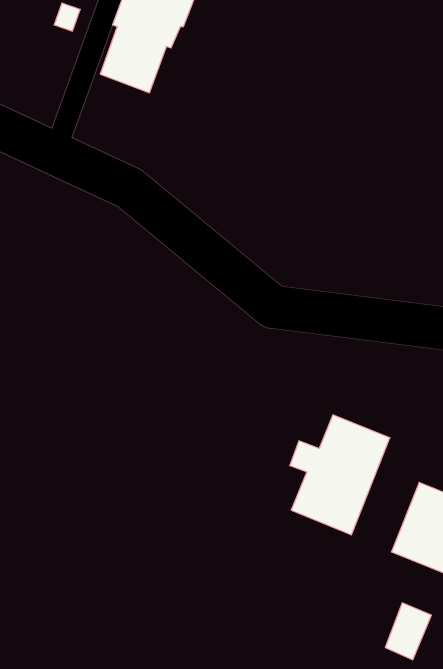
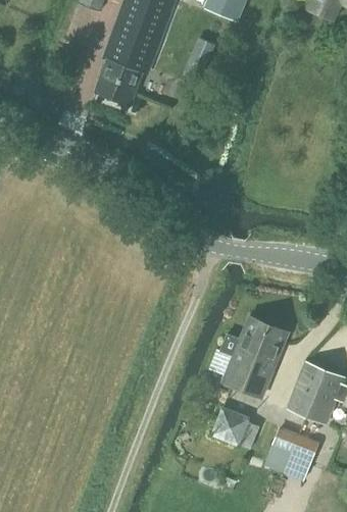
building: none -> [212,406,251,446]
building: none -> [266,434,296,471]

